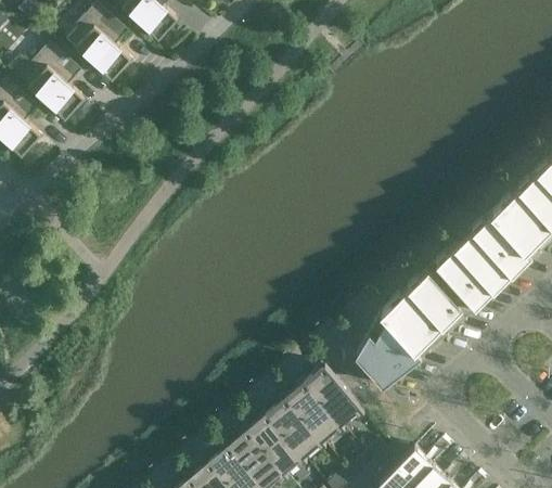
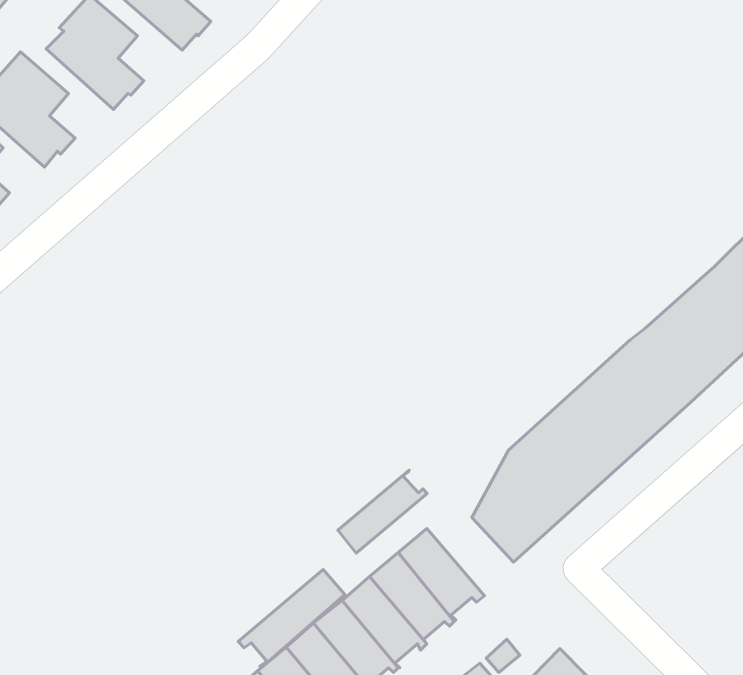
building: none -> [338,470,427,553]
building: none -> [238,569,345,668]

